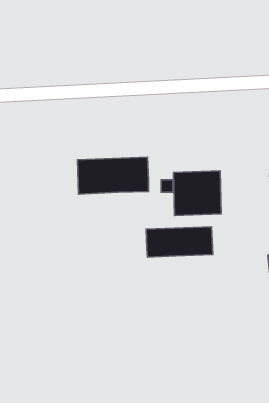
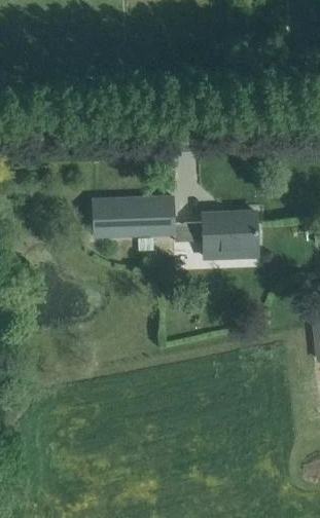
building: [146,227,213,257] -> none

